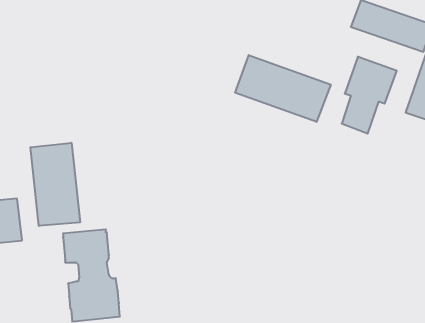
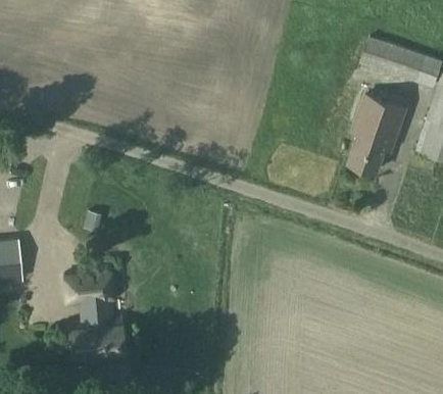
building: [235,55,331,122] -> none
building: [30,143,80,226] -> none

